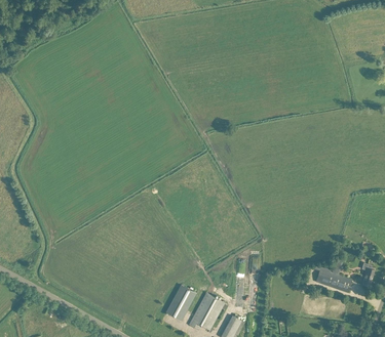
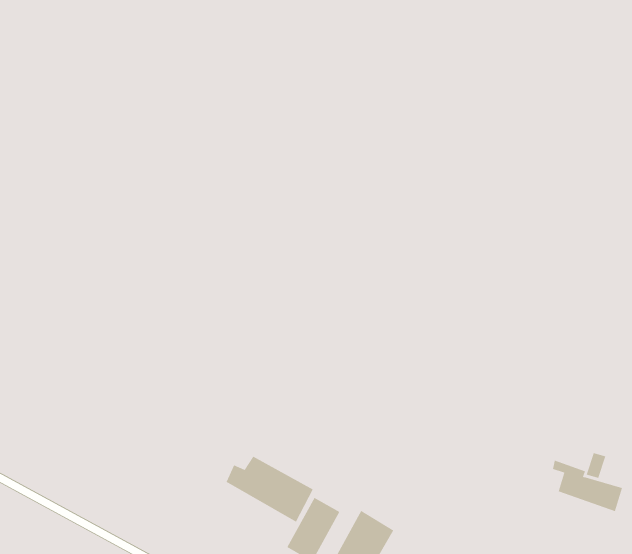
building: none -> [226,456,313,523]

